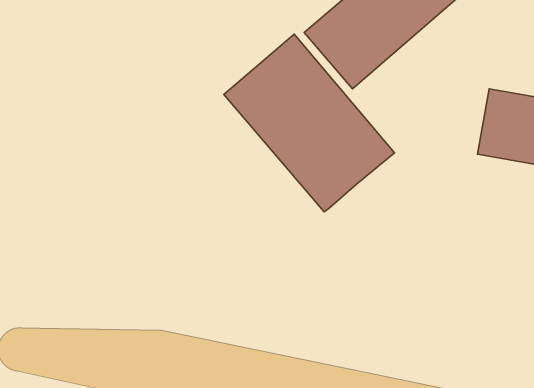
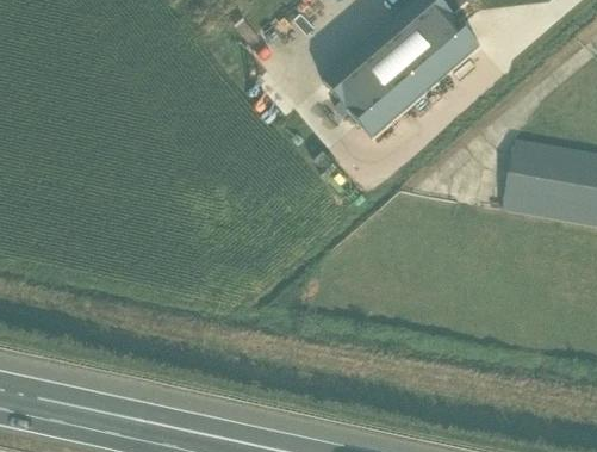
building: [224,34,394,212] -> none

